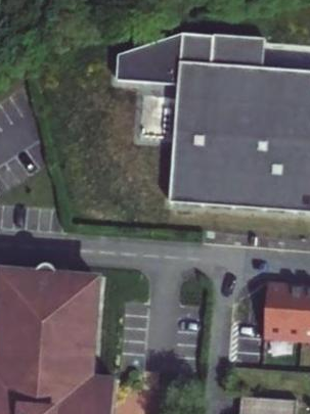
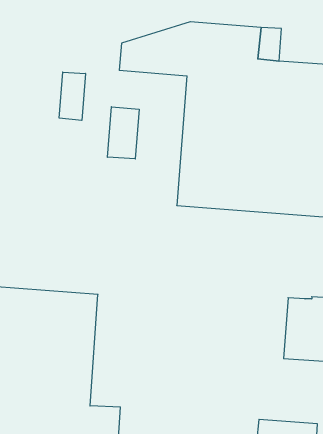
building: none -> [59,72,85,120]
building: none -> [107,107,139,159]

